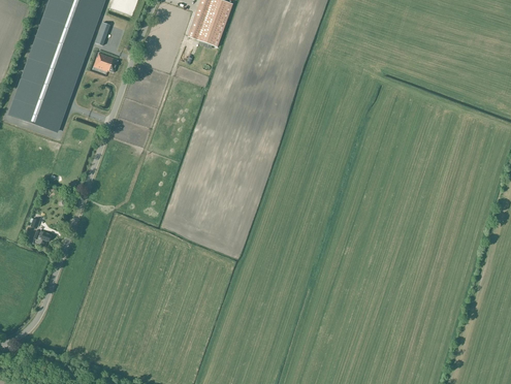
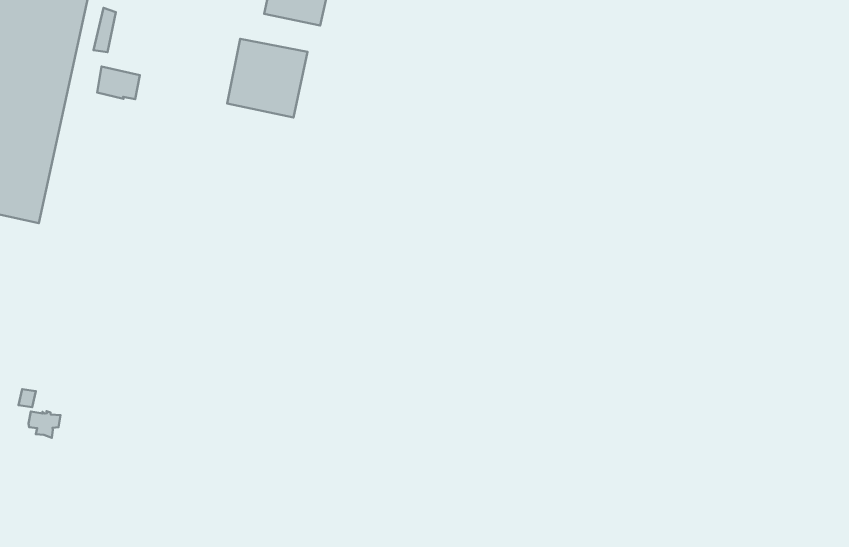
building: none -> [227,39,308,118]

